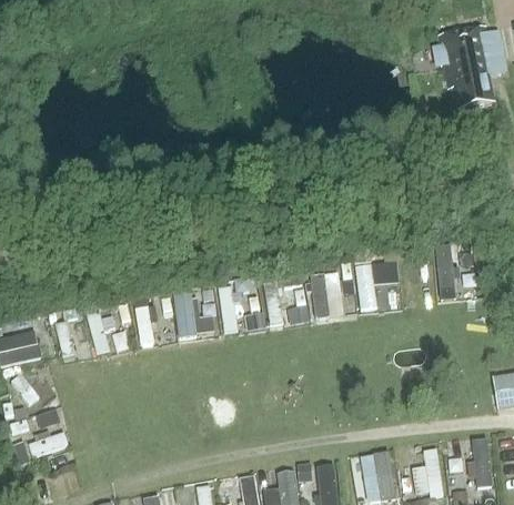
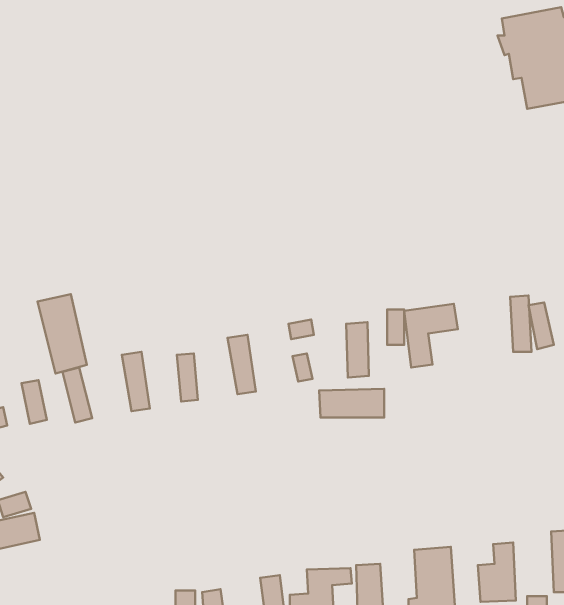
building: none -> [37,294,87,373]
building: none -> [319,389,384,418]

